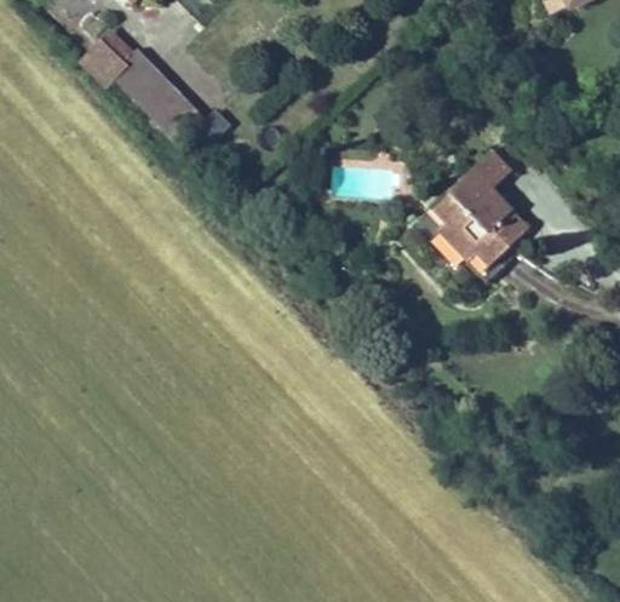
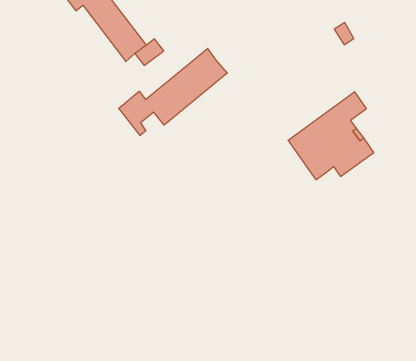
building: none -> [119,48,227,135]

